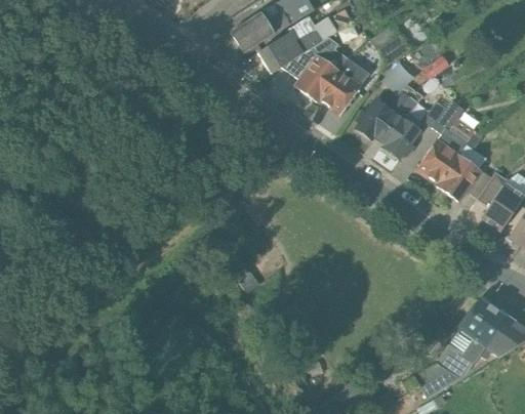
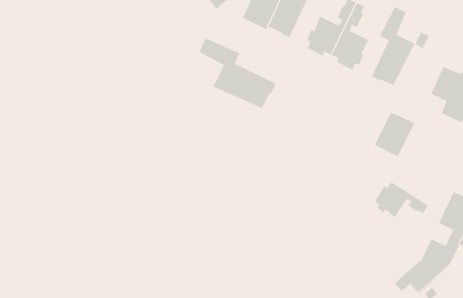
building: none -> [199,37,276,109]
building: [437,153,482,200] -> [374,112,415,157]
building: none -> [374,181,429,218]

